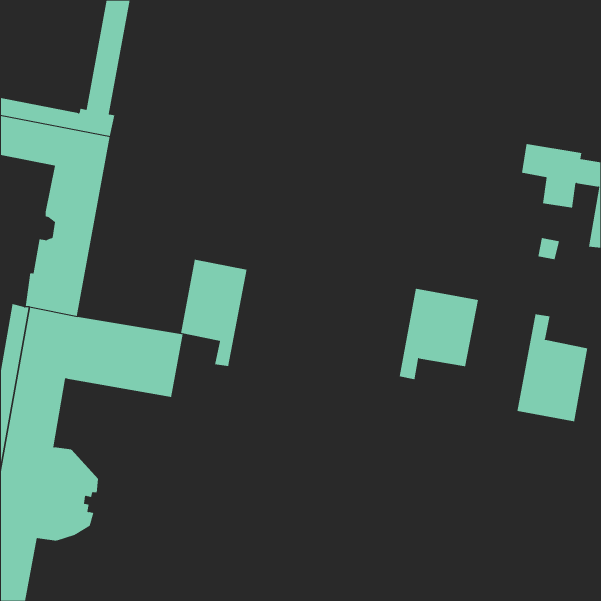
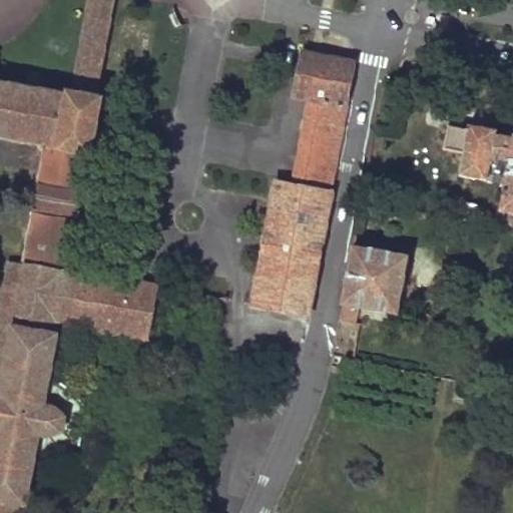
building: none -> [252,53,354,314]
building: [180,259,247,367] -> none
building: [517,314,588,422] -> none

